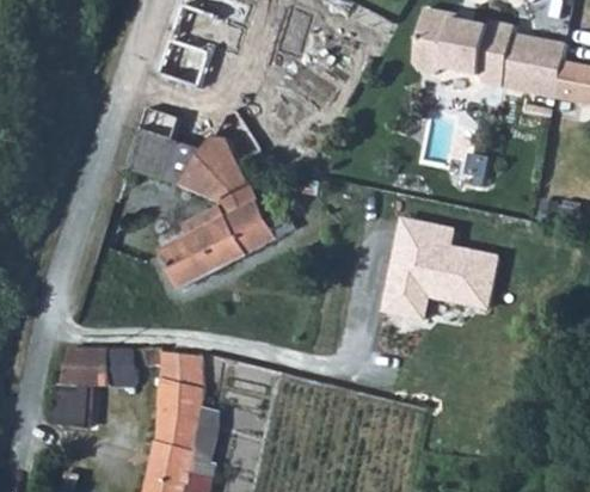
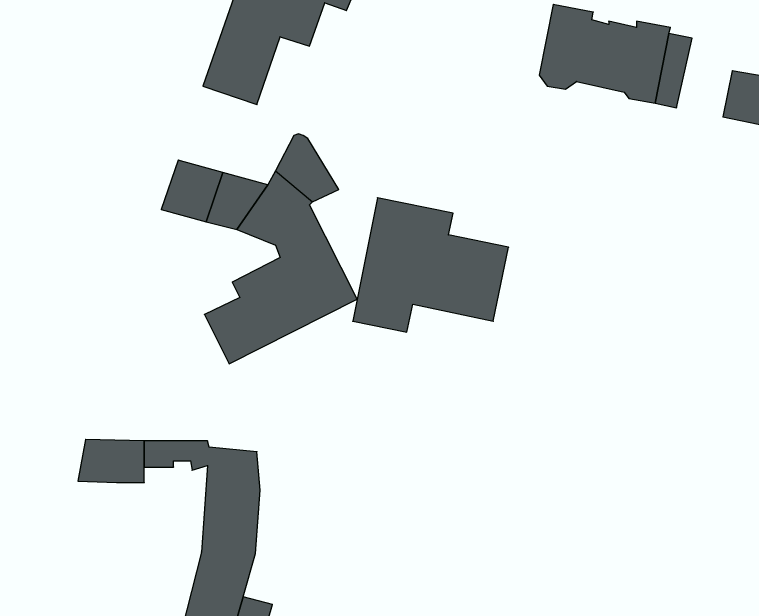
building: [524,36,571,97] -> none
building: [380,213,500,316] -> [353,198,509,332]
building: [51,379,91,426] -> none

